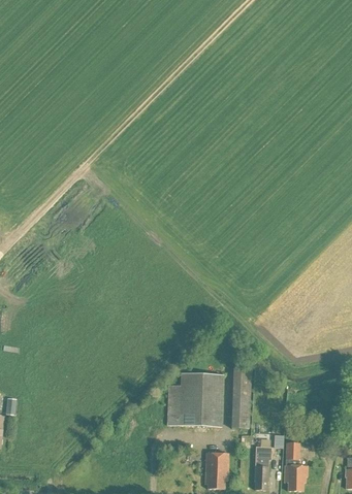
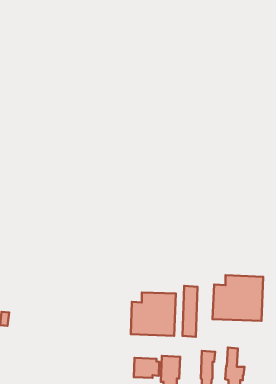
building: none -> [212,275,263,321]
building: none -> [134,358,159,378]

